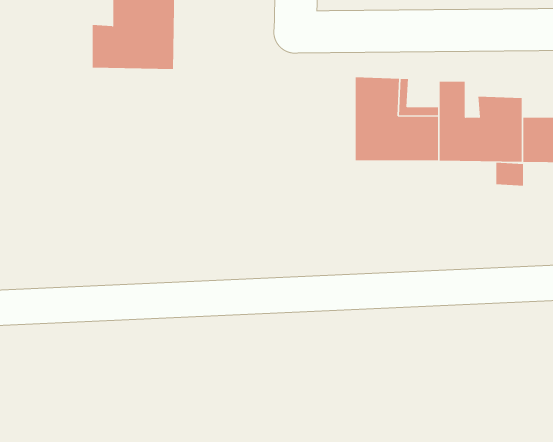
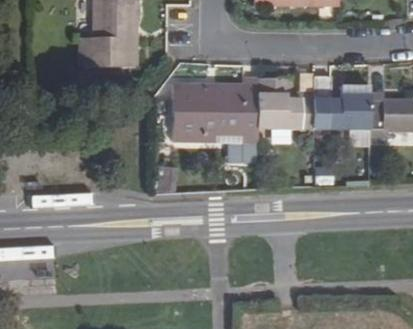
building: none -> [171,79,257,143]

